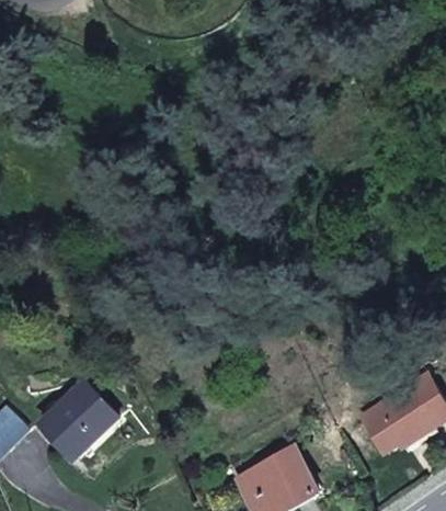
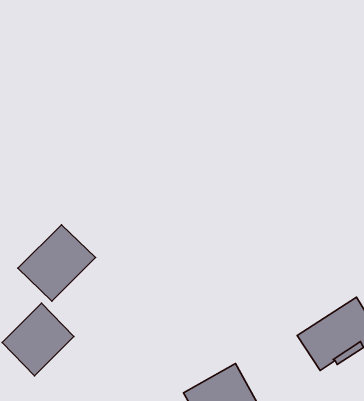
building: none -> [18,225,95,301]

